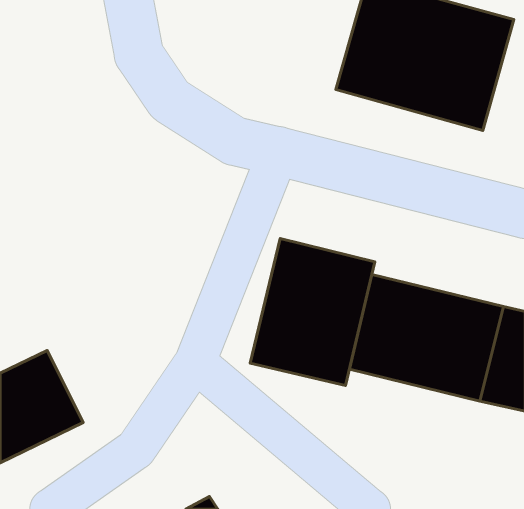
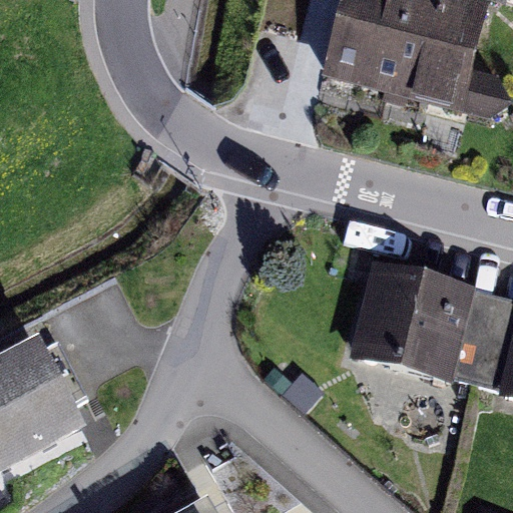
building: [250,239,375,385] -> none

